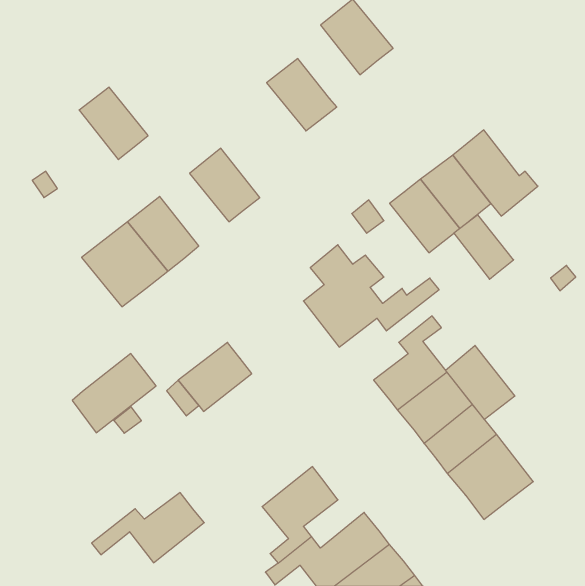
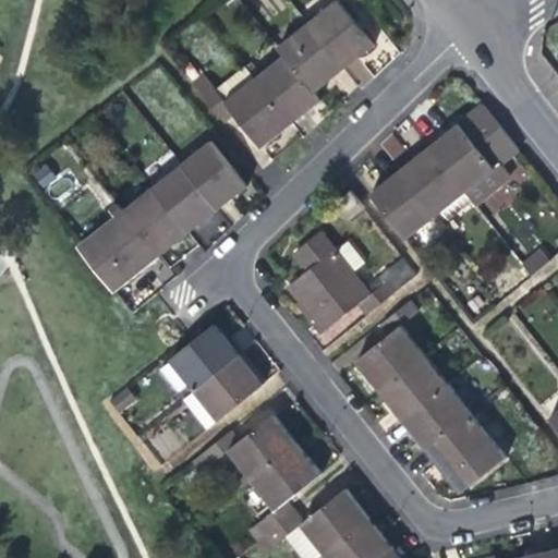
building: none -> [276,24,341,94]
building: none -> [190,66,290,148]
building: [79,87,148,160] -> [151,165,217,233]
building: [454,215,514,279] -> [459,106,515,167]
building: [445,345,515,419] -> none
building: [72,354,156,433] -> [183,354,263,429]
building: [92,493,204,563] -> [190,414,296,481]

